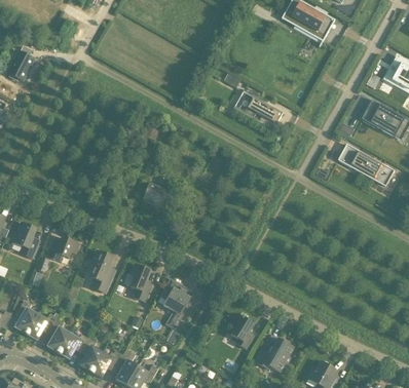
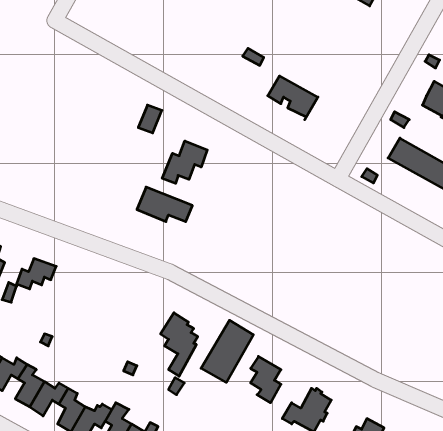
building: none -> [162,141,207,183]
building: [89,250,115,293] -> none
building: [129,264,152,302] -> none
building: none -> [201,320,253,382]

